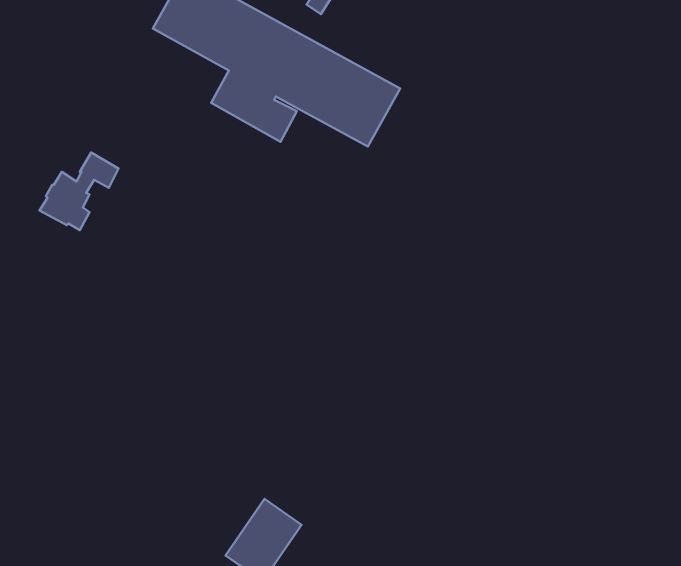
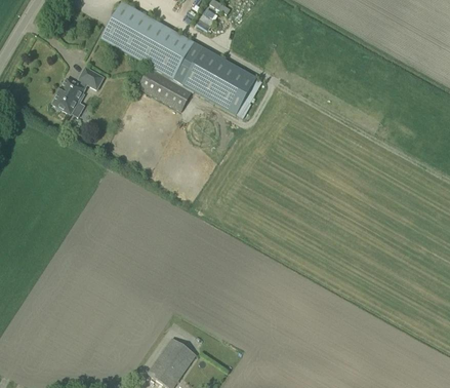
building: [39,152,118,230] -> [52,66,103,115]

